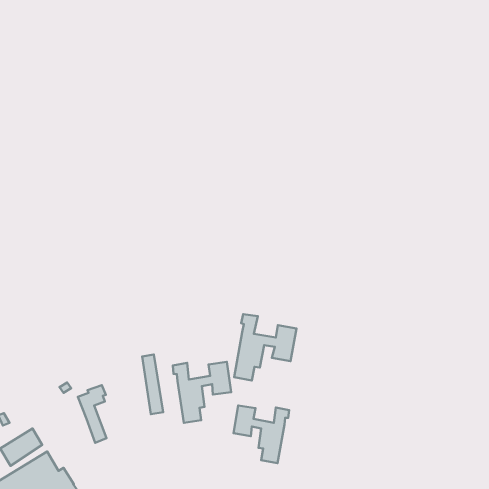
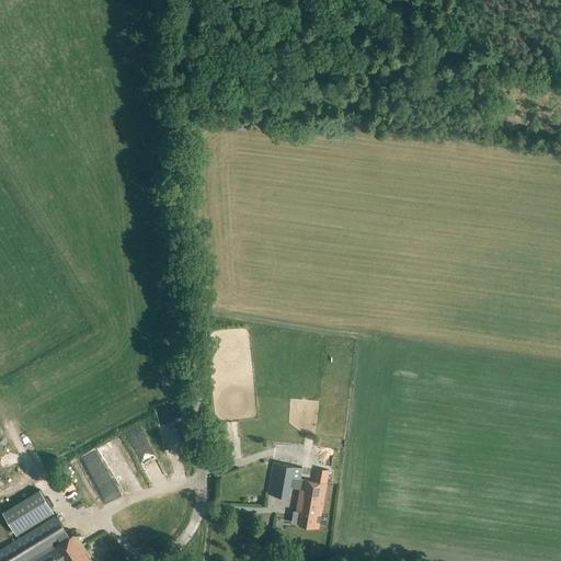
building: [234,314,297,380] -> none
building: [173,362,231,423] -> none

